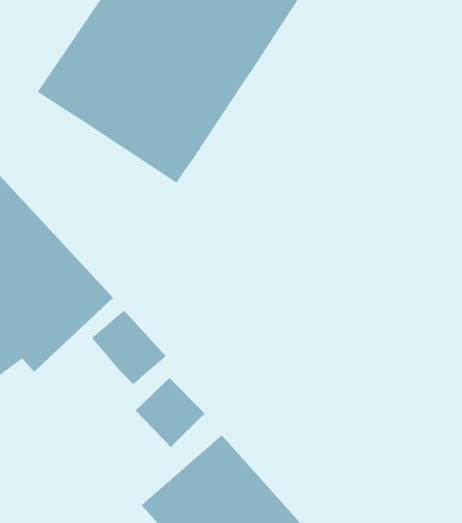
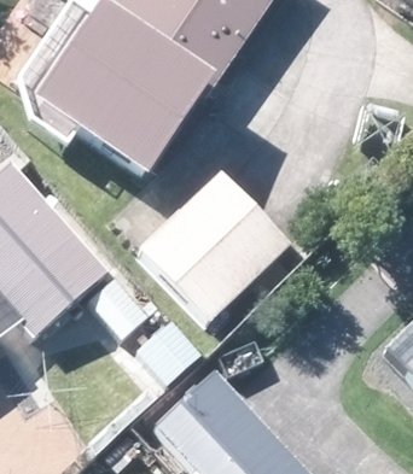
building: none -> [142,169,293,318]

